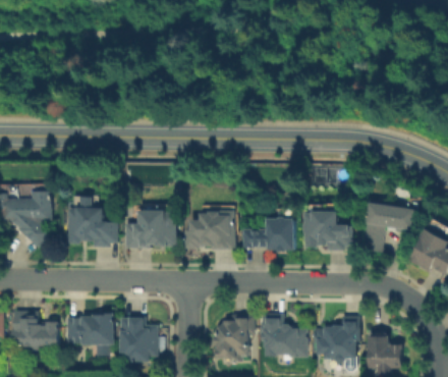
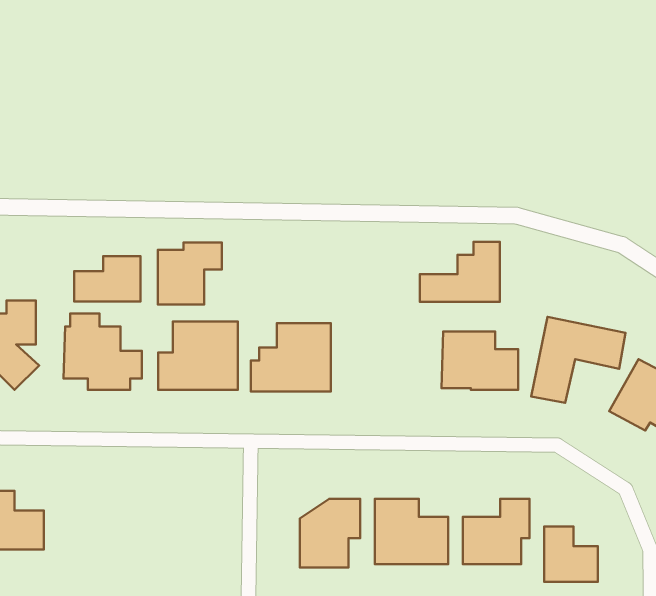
building: none -> [158,242,222,304]
building: none -> [74,256,141,302]
building: [244,210,294,248] -> [420,242,500,302]
building: [67,317,113,356] -> none
building: [121,319,157,364] -> none

